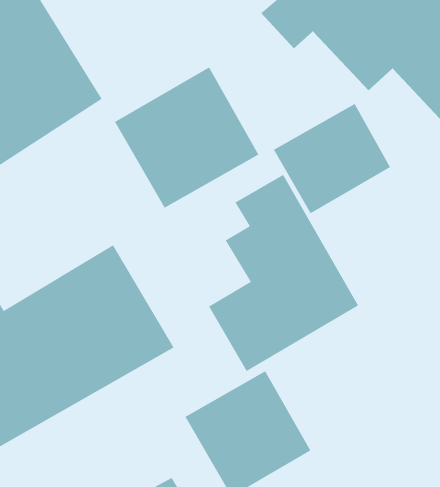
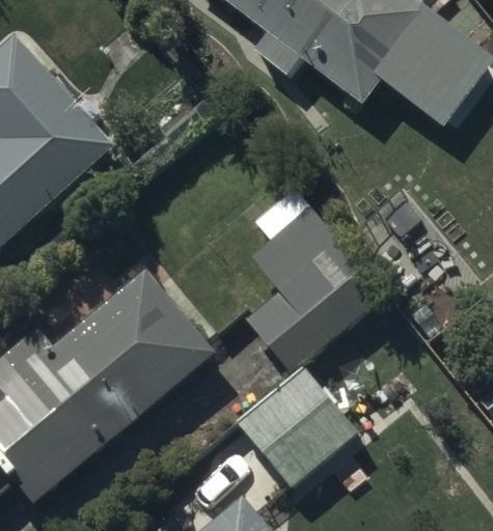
building: [114,67,259,209] -> none
building: [273,103,391,214] -> none

